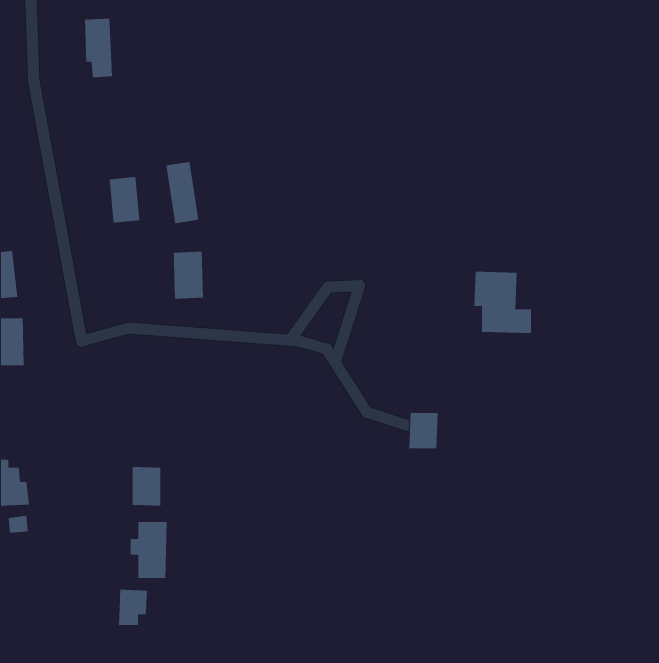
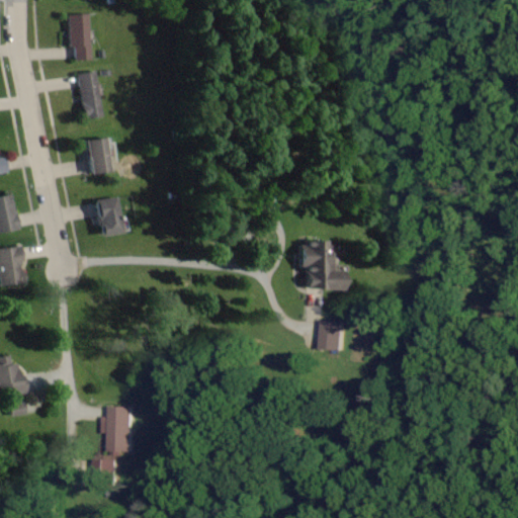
building: [165,161,199,224] -> [77,71,103,119]
building: [173,251,204,299] -> [97,198,121,236]
building: [473,271,532,334] -> [299,242,345,290]
building: [132,466,161,507] -> none

